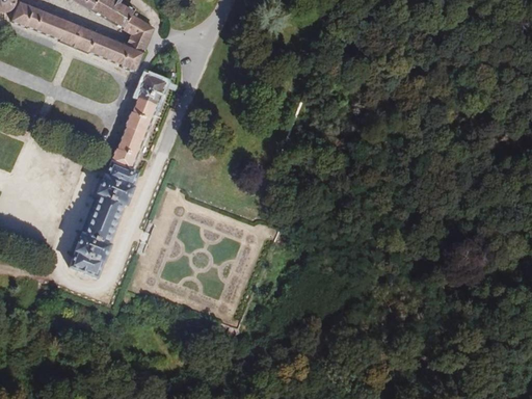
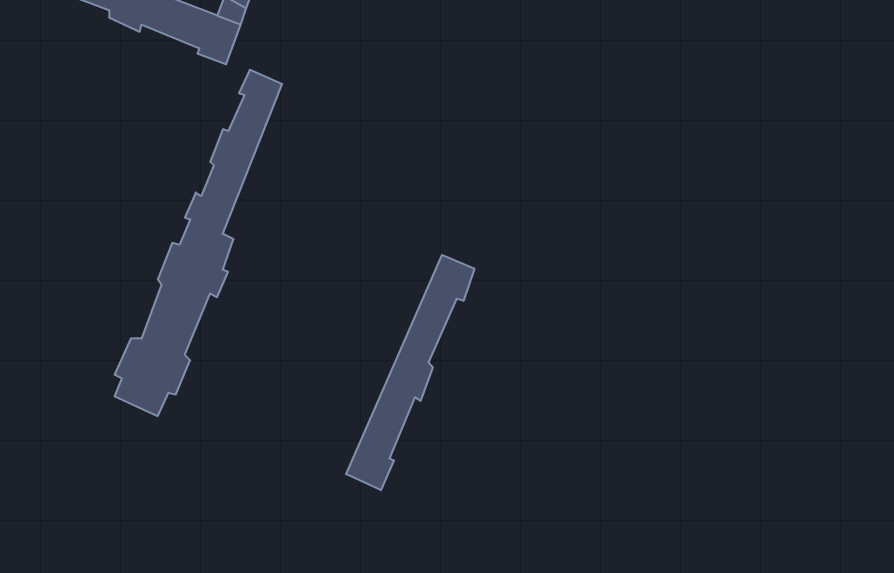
building: none -> [346,255,474,490]

